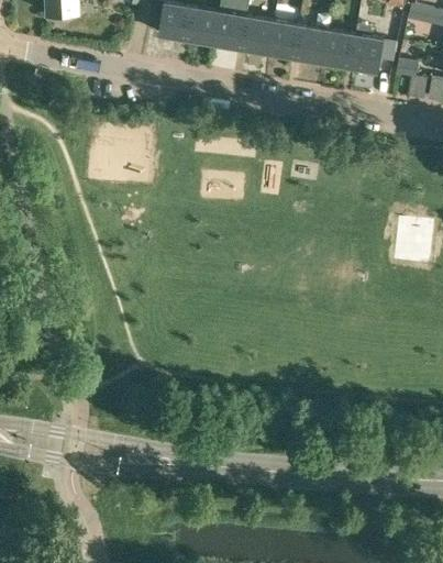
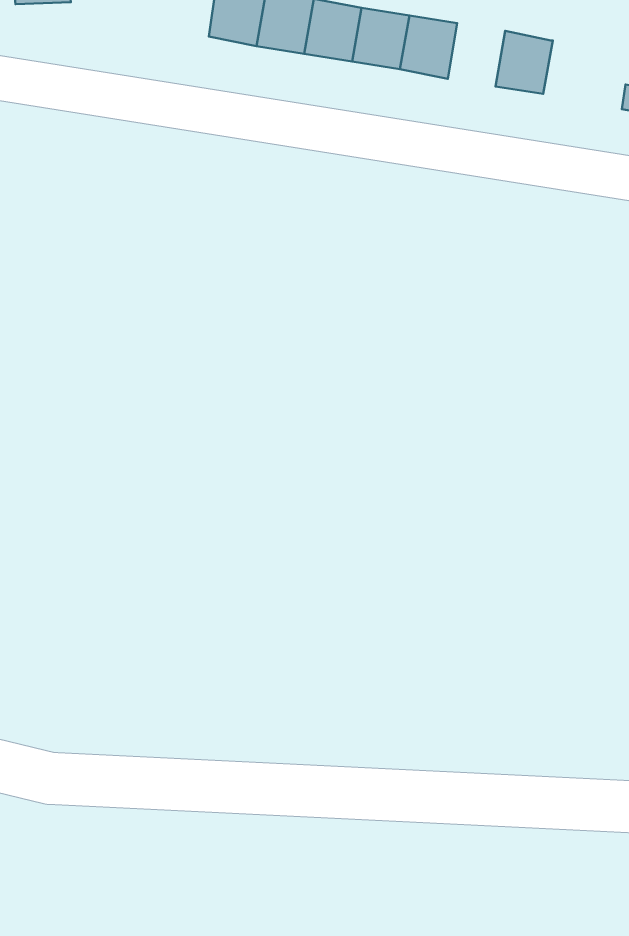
building: [297,27,330,64] -> none
building: [352,27,385,73] -> none

